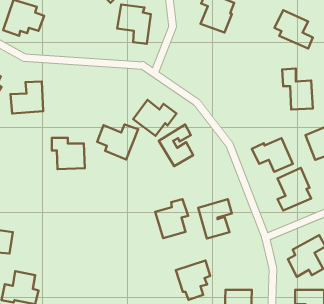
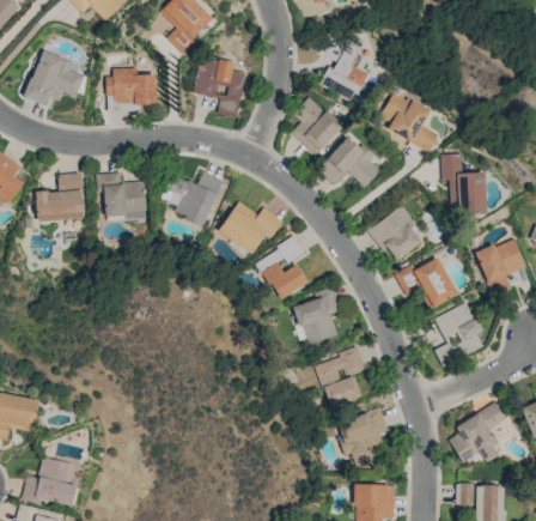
building: [274,10,313,49] -> [379,92,437,150]
building: none -> [105,67,156,111]
building: none -> [291,96,343,155]
building: none -> [318,134,380,187]
building: none -> [367,205,422,260]
building: [97,124,138,160] -> [162,172,223,225]
building: [52,138,85,169] -> [97,172,146,219]
building: [155,199,188,238] -> [292,286,341,345]
building: [176,261,210,300] -> [336,407,388,466]

